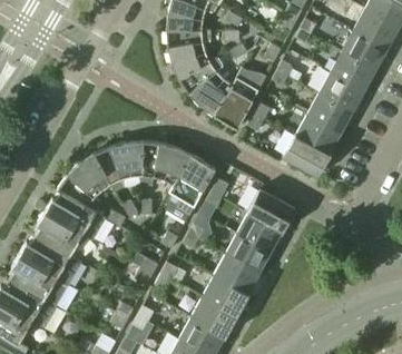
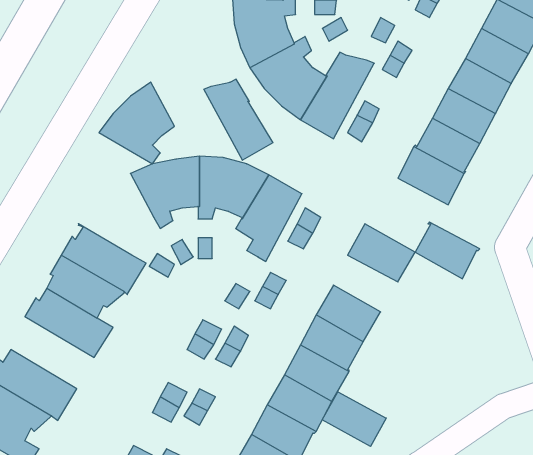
building: none -> [204,79,273,160]
building: [57,154,110,212] -> [99,82,174,164]
building: [237,212,283,252] -> [415,222,480,279]
building: [9,255,68,306] -> none
building: none -> [322,392,386,446]

